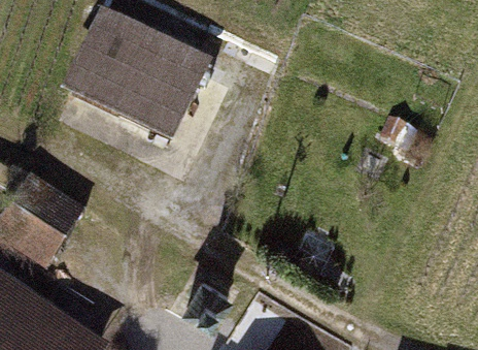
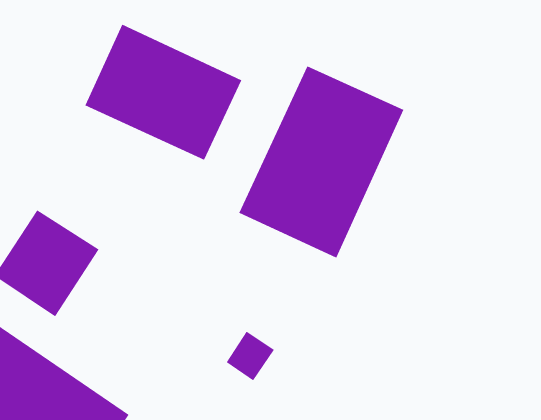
building: none -> [239,66,404,258]

